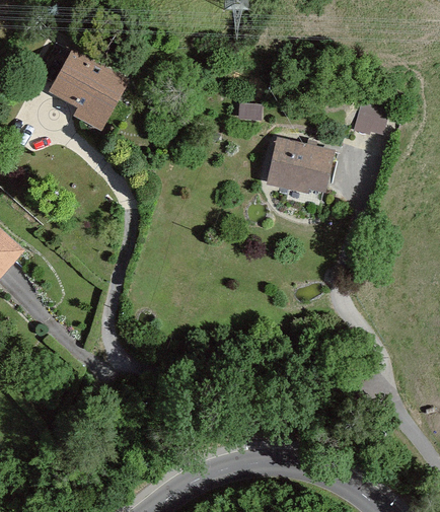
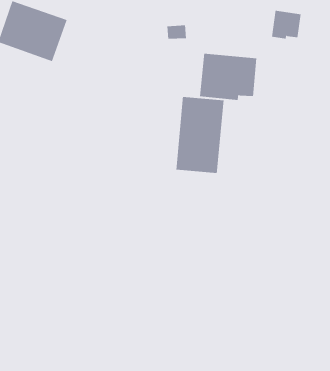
building: none -> [176,96,224,174]

